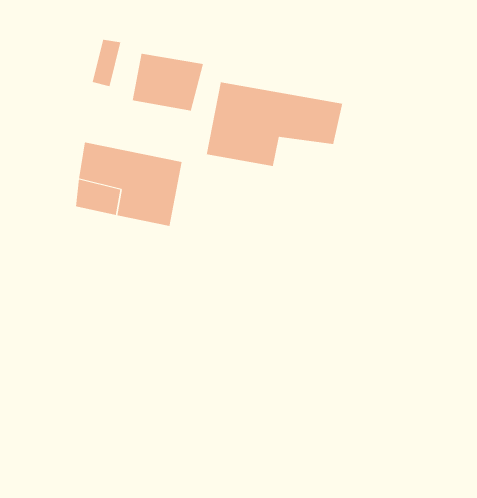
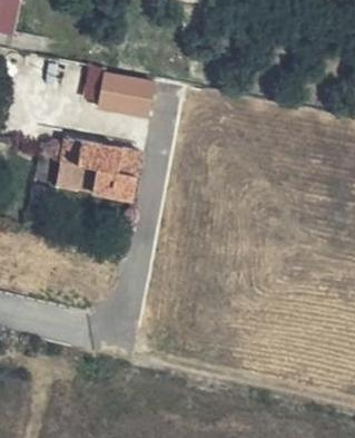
building: [206,81,343,167] -> none

